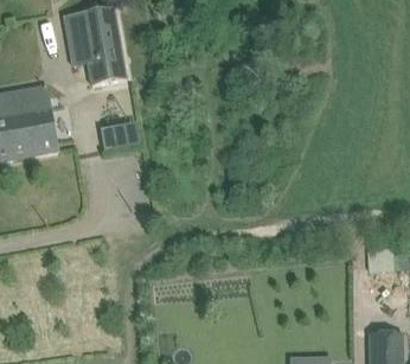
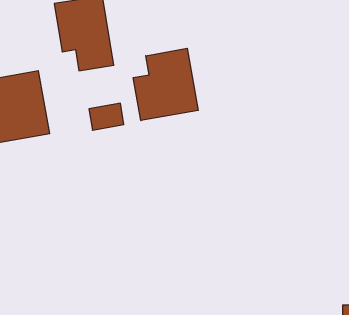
building: none -> [133,48,198,121]

